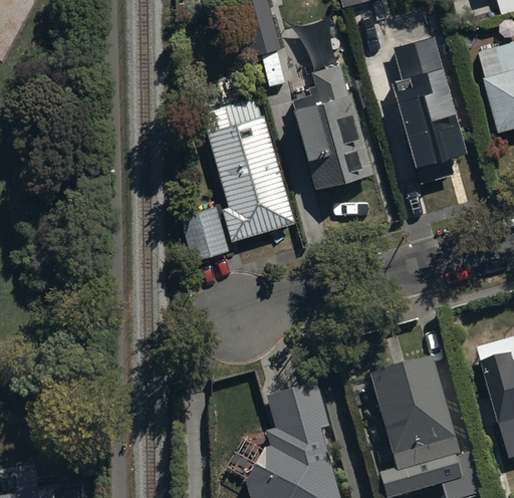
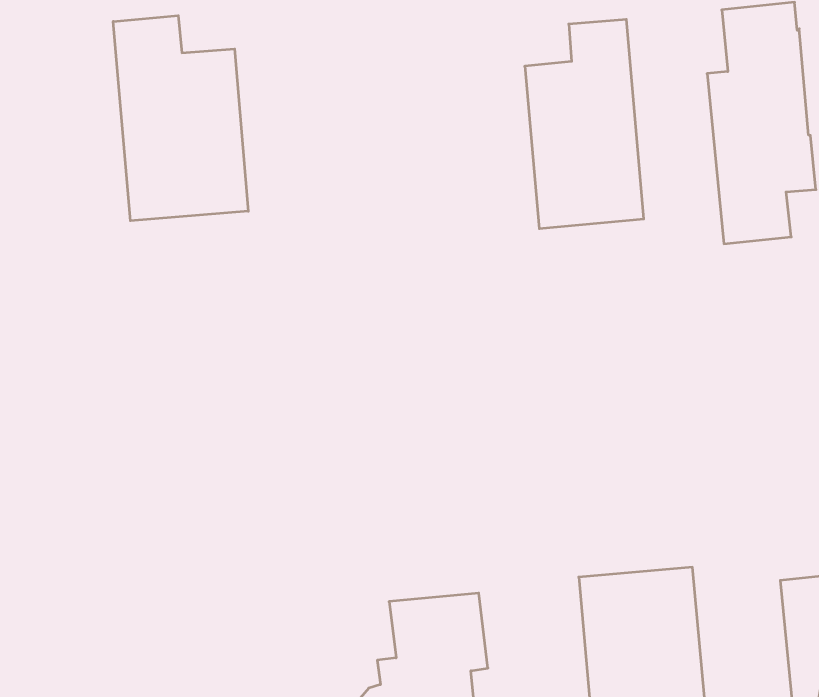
building: [204,93,293,234] -> none
building: none -> [113,16,248,221]
building: [185,203,227,256] -> none

